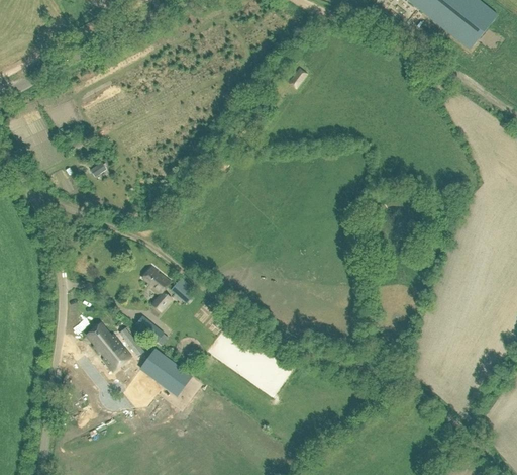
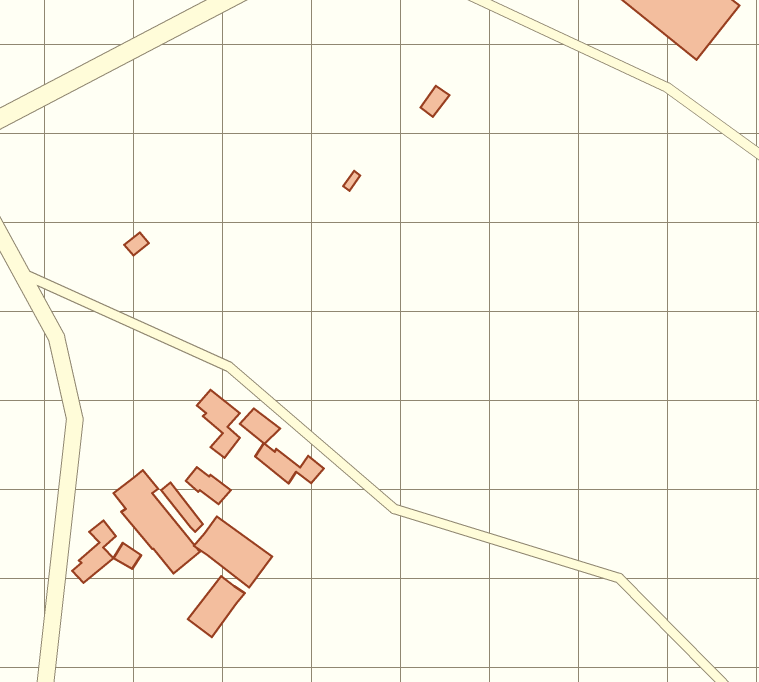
building: none -> [255,443,324,484]
building: none -> [72,520,116,583]
building: none -> [188,576,245,637]

